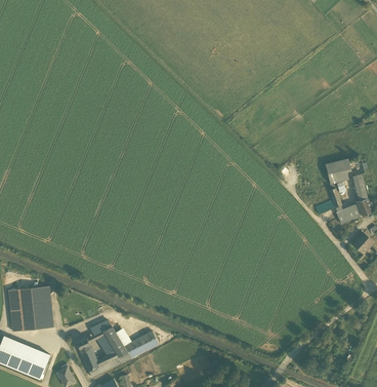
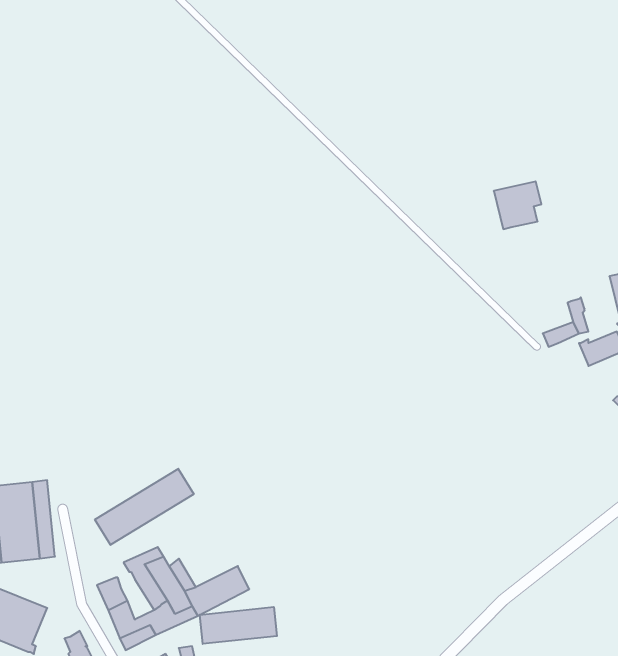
building: [325,158,350,184] -> [494,181,541,229]
building: none -> [95,469,194,545]
building: none -> [200,607,277,644]

